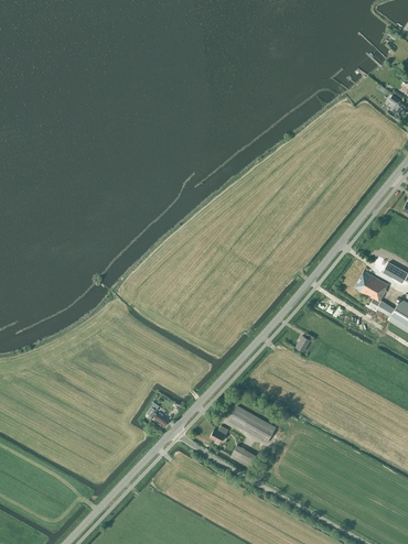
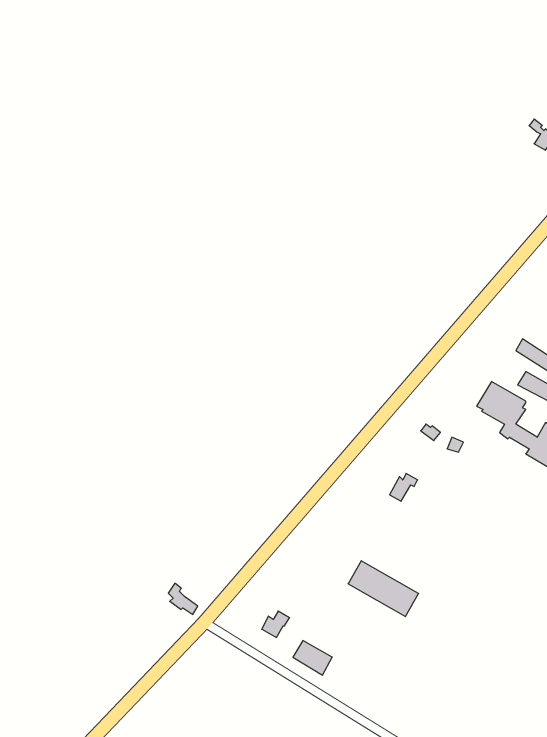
building: [228,405,276,443] -> [348,561,419,617]

